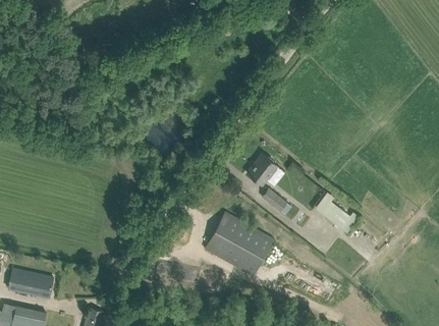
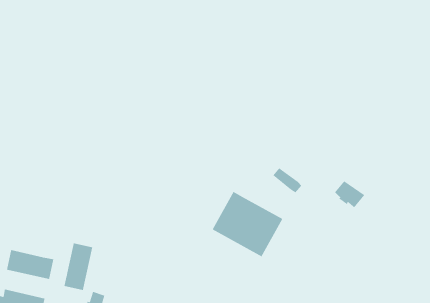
building: [248,154,277,185] -> none
building: none -> [64,243,93,291]

